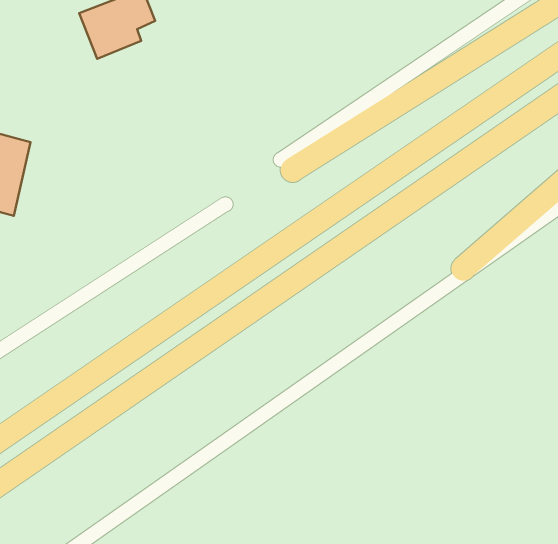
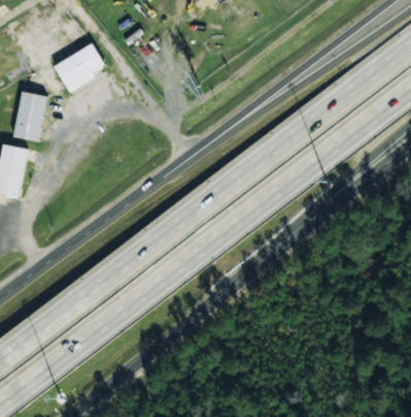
building: none -> [12,91,46,141]

